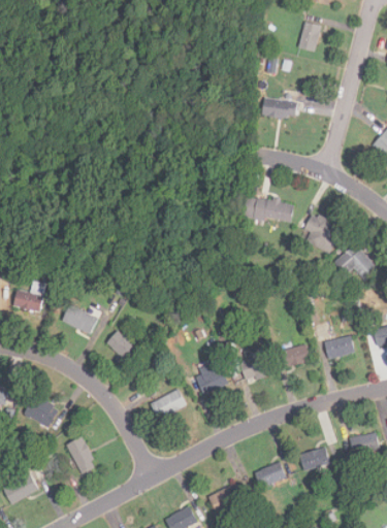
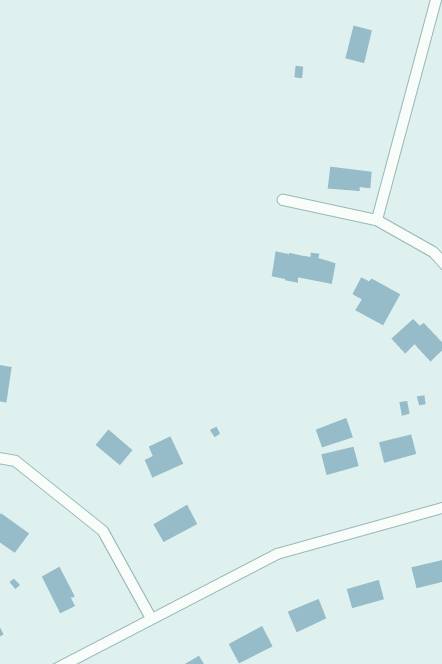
building: [262,98,297,118] -> [327,166,373,192]
building: [62,304,96,334] -> none
building: [240,354,270,377] -> [315,417,354,448]
building: [197,360,228,393] -> [144,436,184,479]

